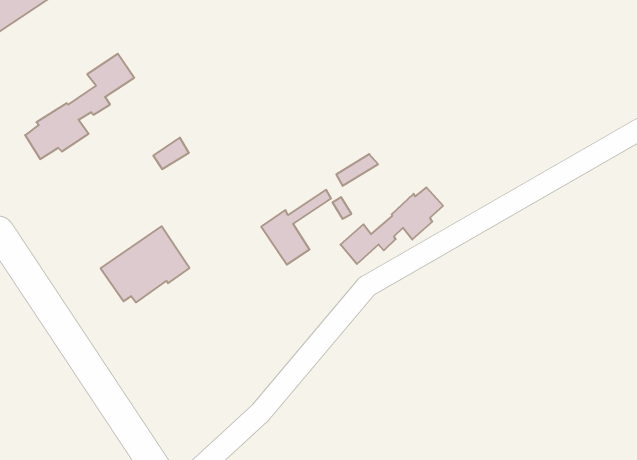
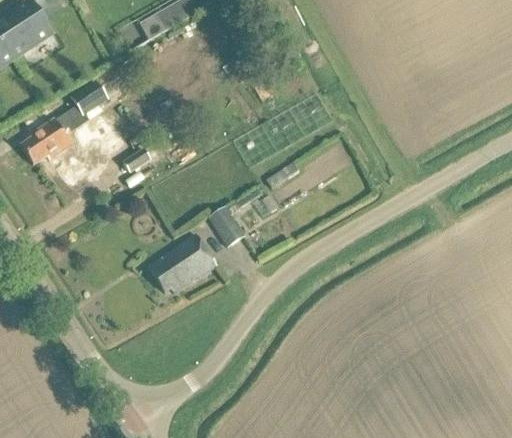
building: [340,187,443,264] -> none
building: [101,226,189,302] -> [148,235,218,295]

